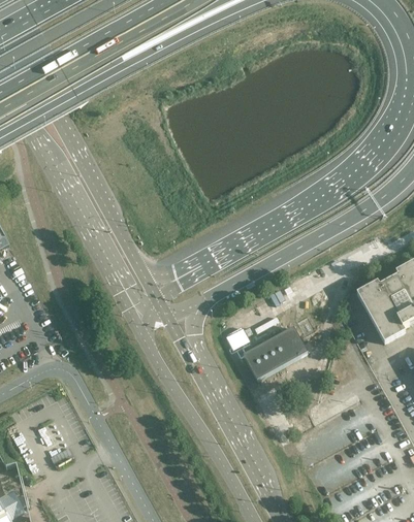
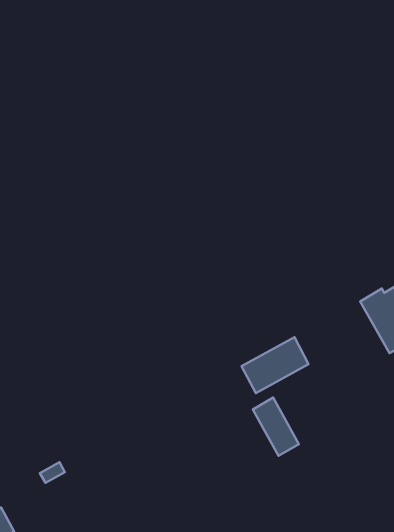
building: none -> [253,398,299,456]

